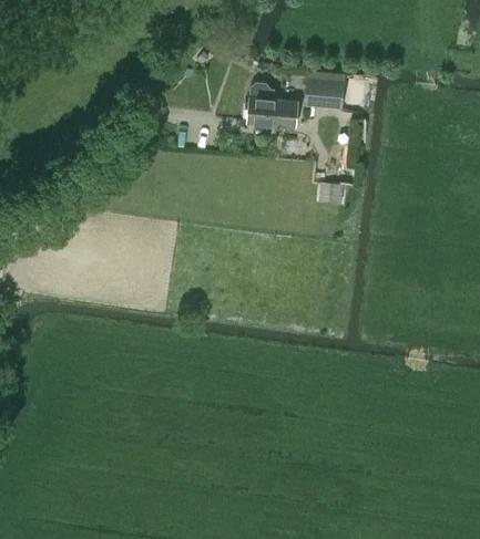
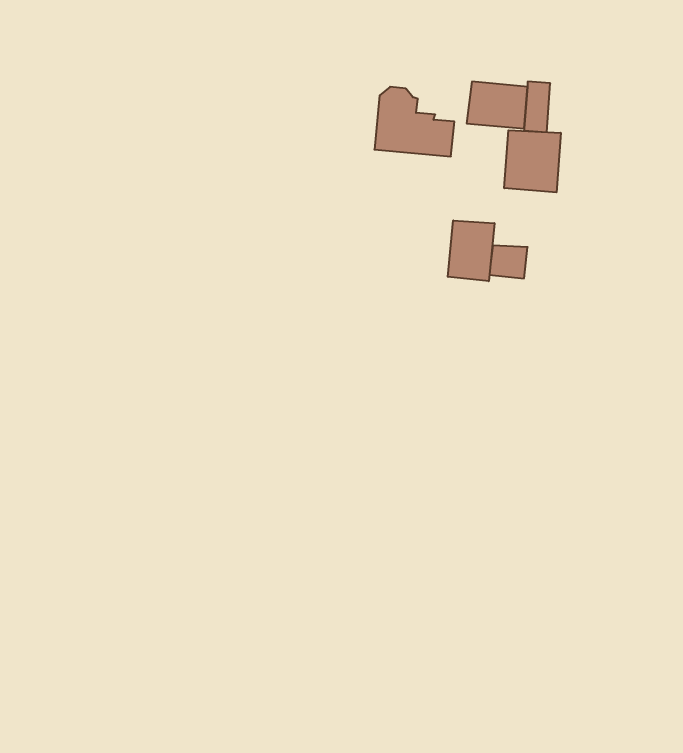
building: none -> [504,130,561,192]
building: none -> [448,220,494,281]

